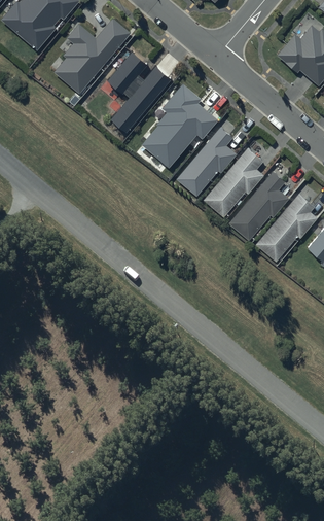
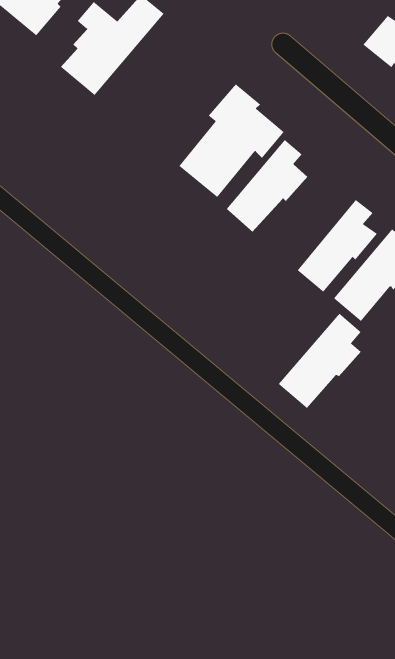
building: [110,54,173,134] -> none
building: [203,146,264,217] -> [278,313,361,409]

